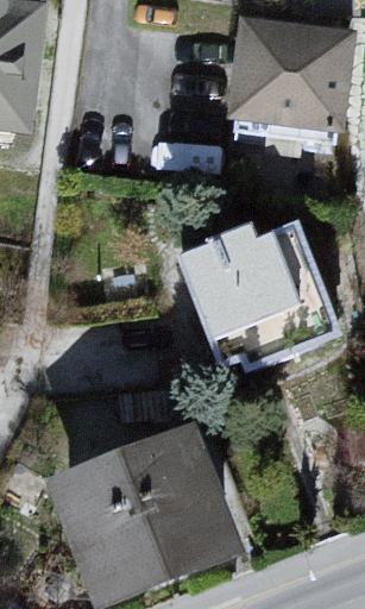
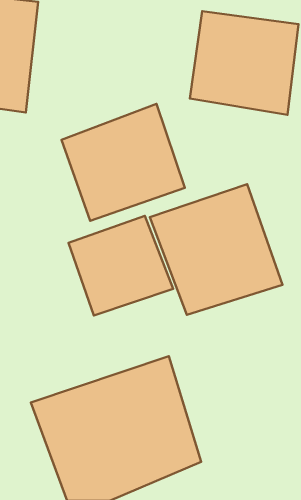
building: none -> [62,104,185,221]
building: none -> [68,216,173,316]

